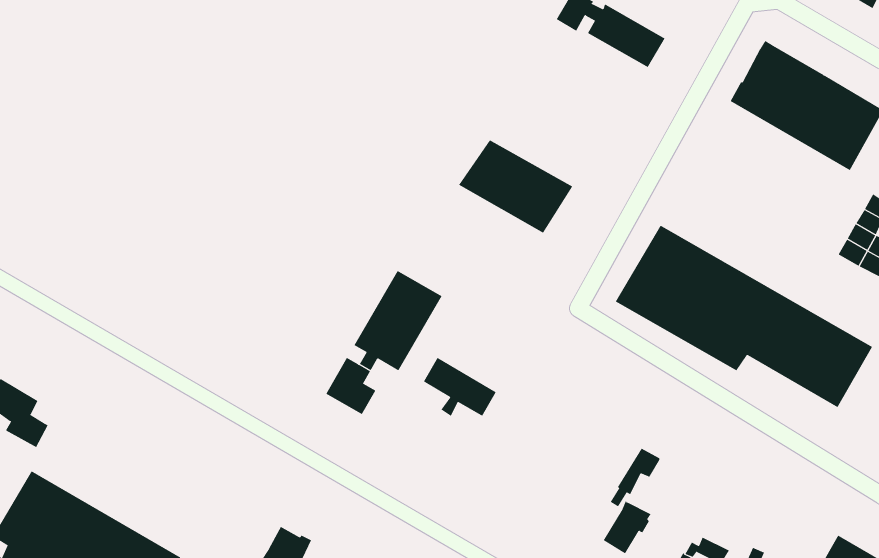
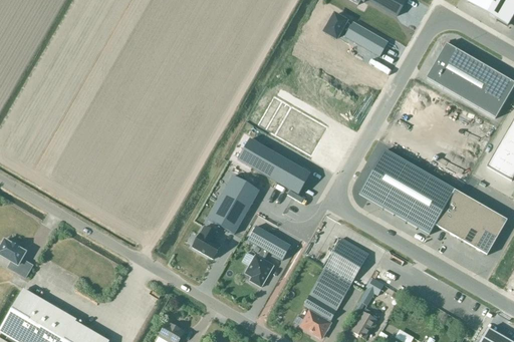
building: none -> [237,137,310,194]
building: none -> [300,238,368,336]
building: none -> [245,254,274,286]

